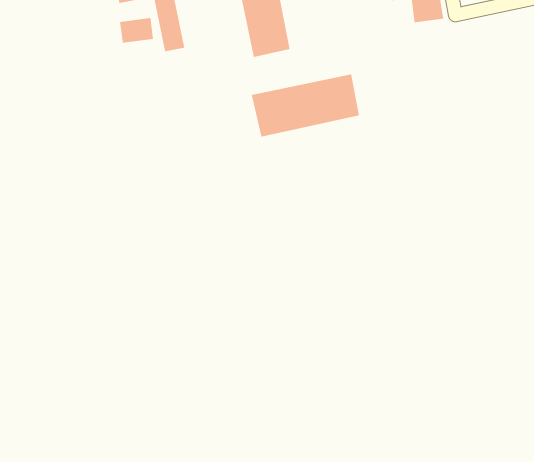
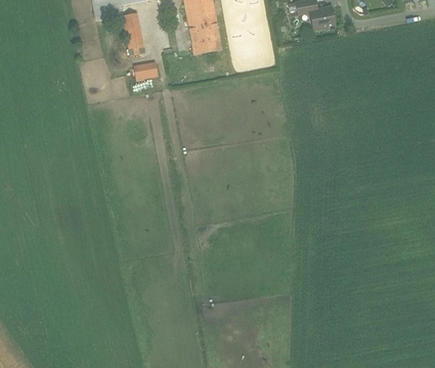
building: [119,17,154,44] -> [132,61,158,81]
building: [251,74,360,138] -> none

